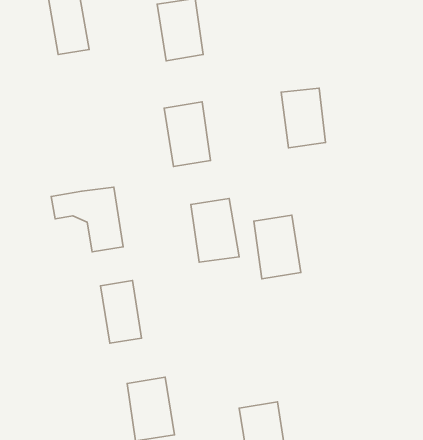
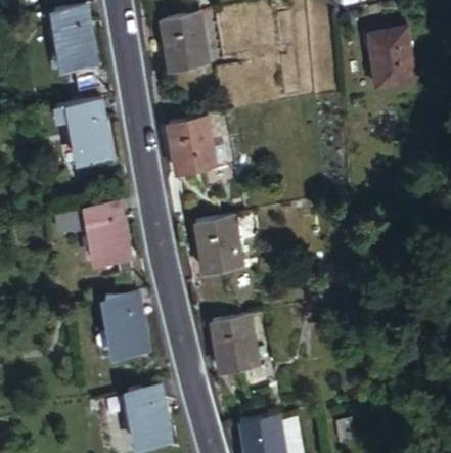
building: none -> [67,97,109,161]
building: [281,88,325,148] -> [369,31,413,90]
building: [254,215,301,279] -> [213,313,260,376]

